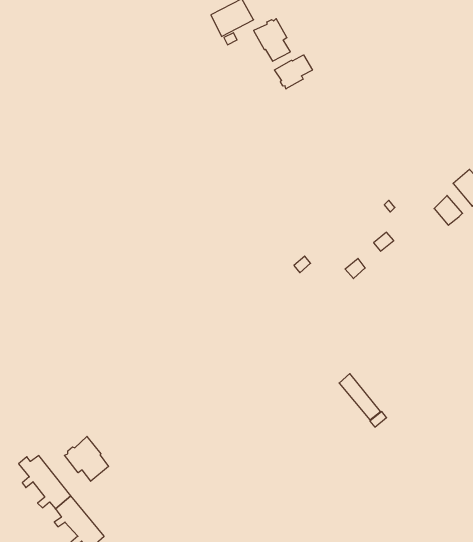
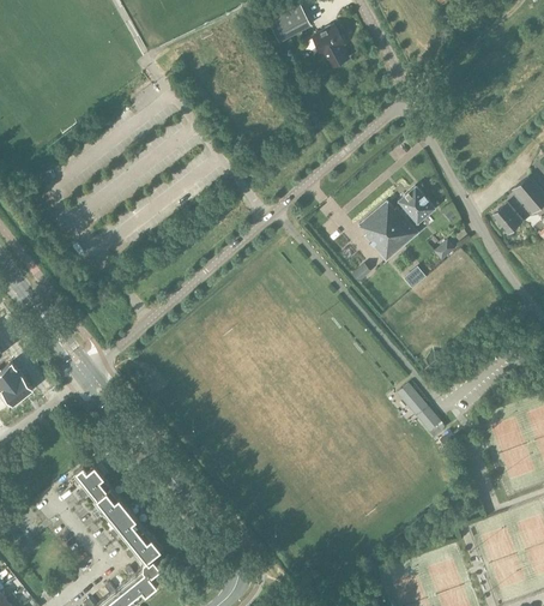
building: [274,55,312,89] -> none
building: none -> [358,187,434,262]
building: [64,436,109,481] -> none

